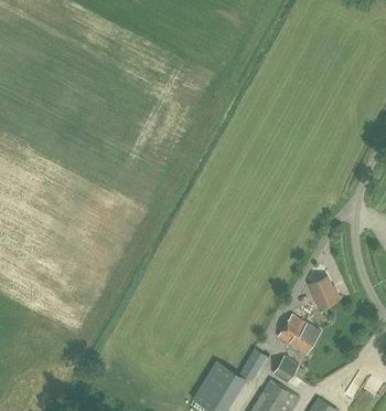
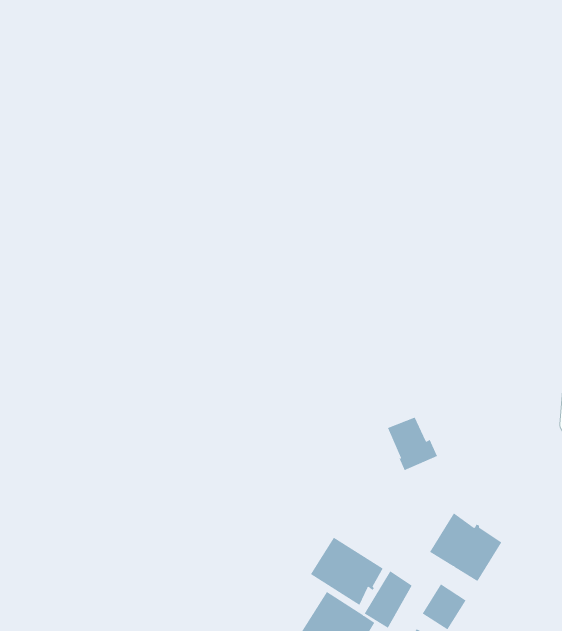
building: [310,276,340,308] -> [387,417,438,471]
building: none -> [310,537,384,606]

